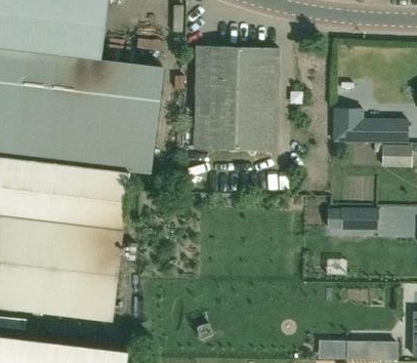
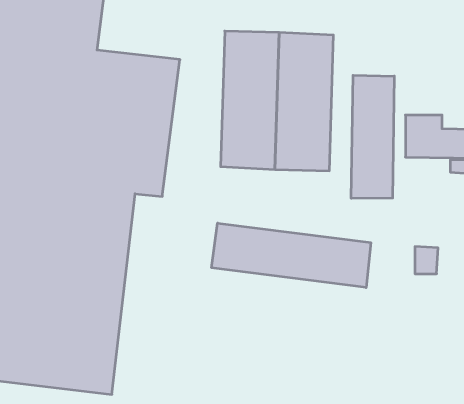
building: none -> [351,75,394,198]
building: none -> [212,223,371,288]

